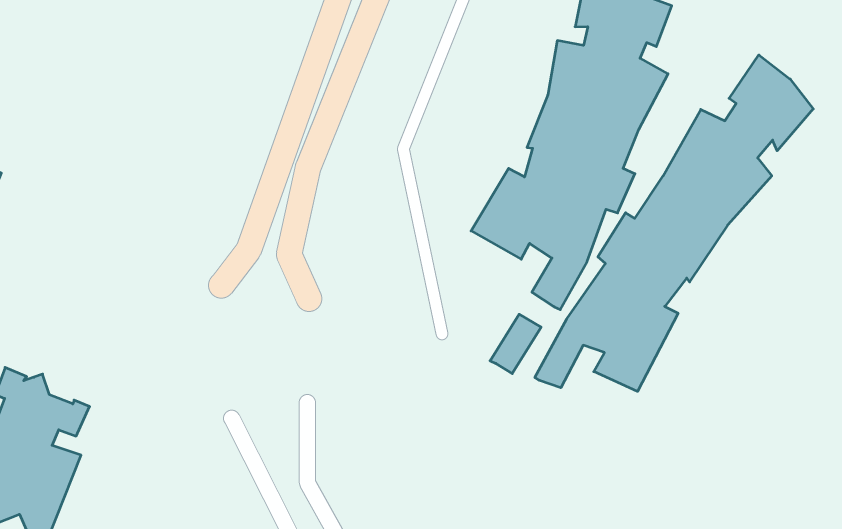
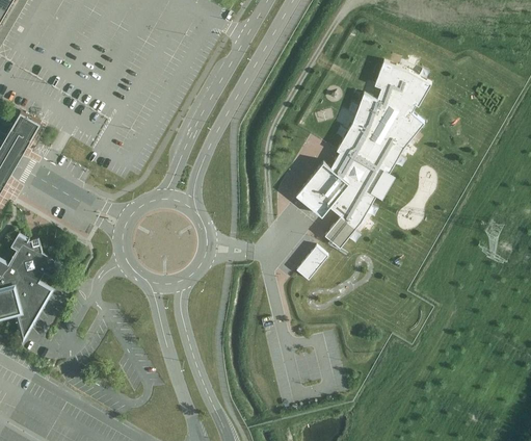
building: [535,55,813,391] -> none

